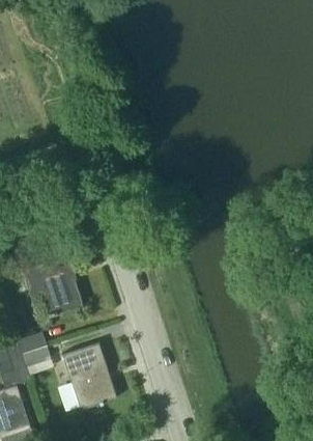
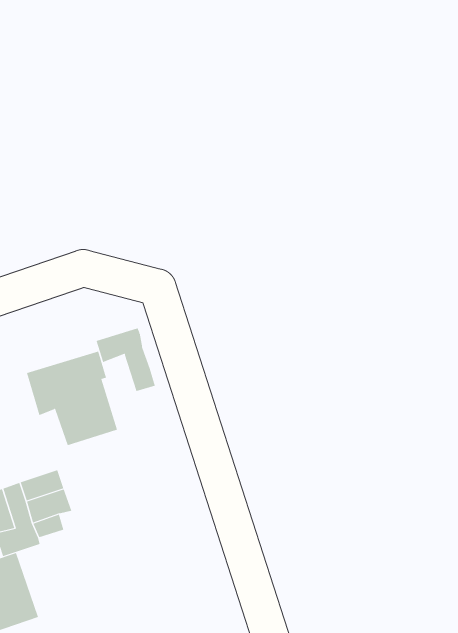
building: none -> [96,328,156,392]
building: [61,342,116,410] -> none

